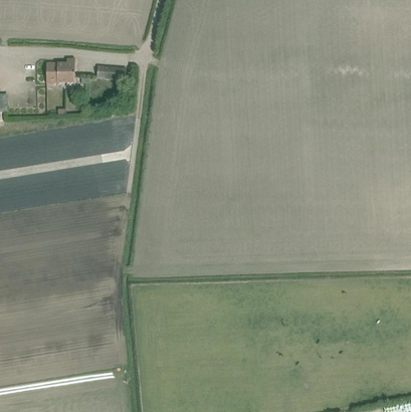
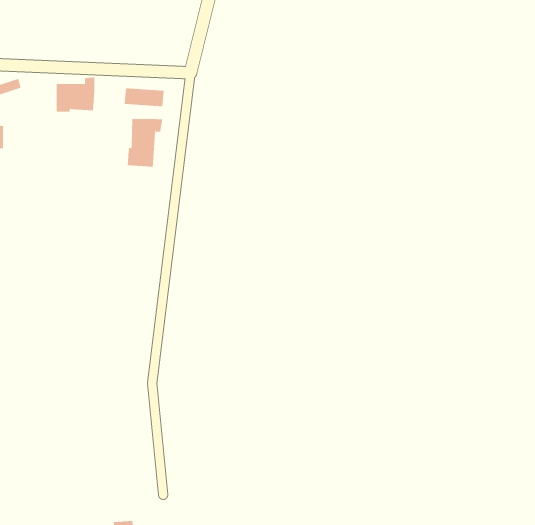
building: none -> [127,118,163,168]

